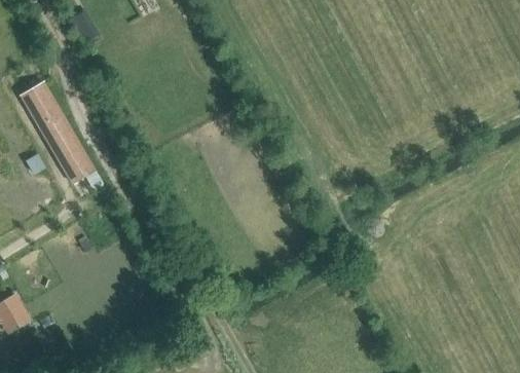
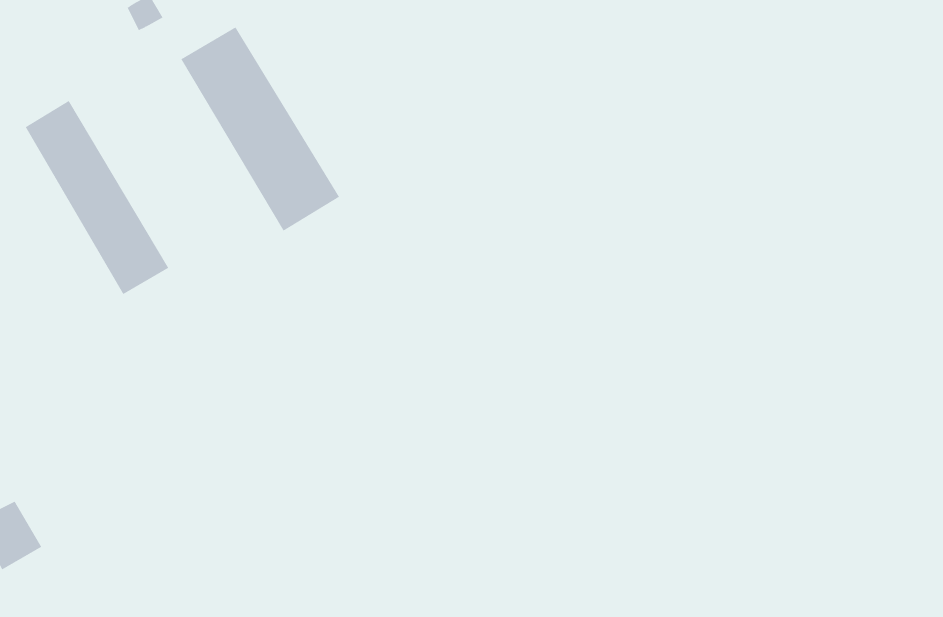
building: none -> [181,27,340,232]

